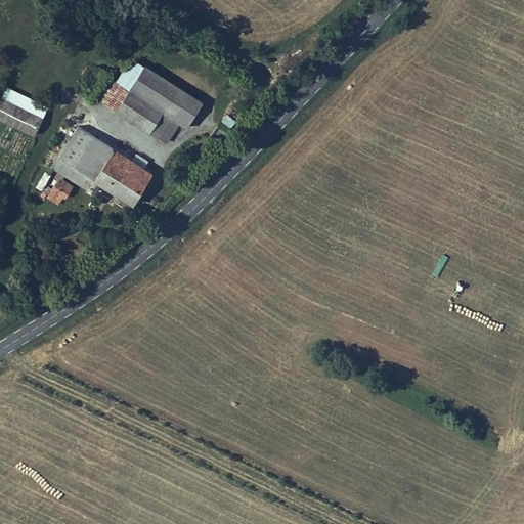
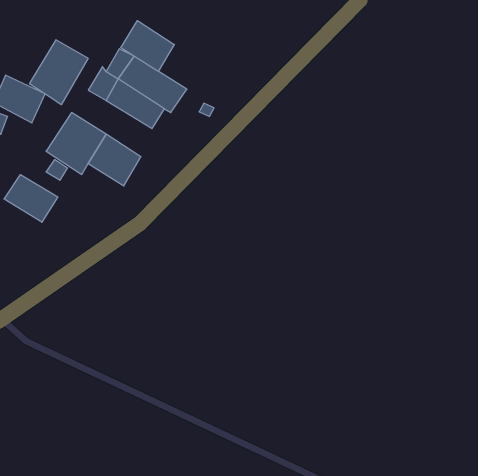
building: none -> [121,21,174,71]
building: none -> [30,40,88,105]
building: none -> [4,175,58,222]

